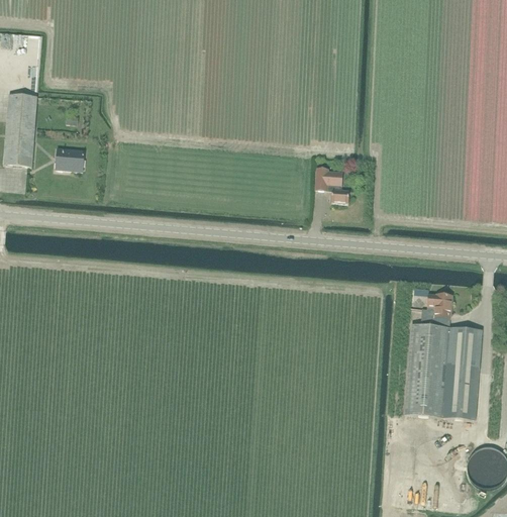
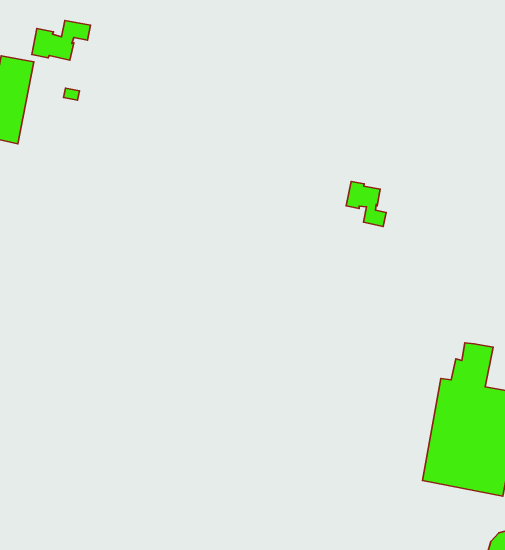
building: none -> [32,21,91,60]
building: [56,147,84,171] -> none

